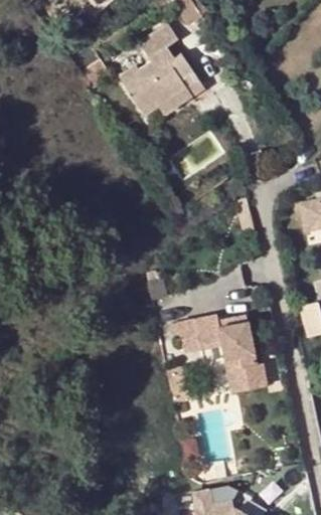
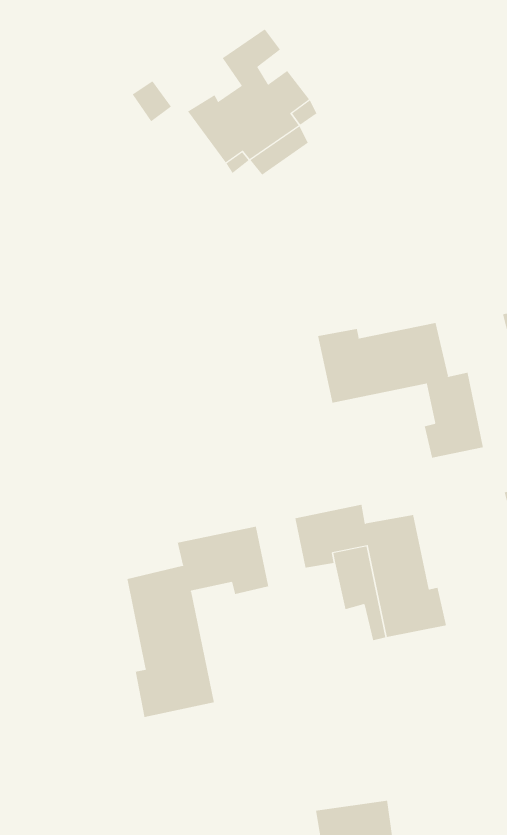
building: none -> [318,322,484,458]
building: none -> [127,526,269,718]

